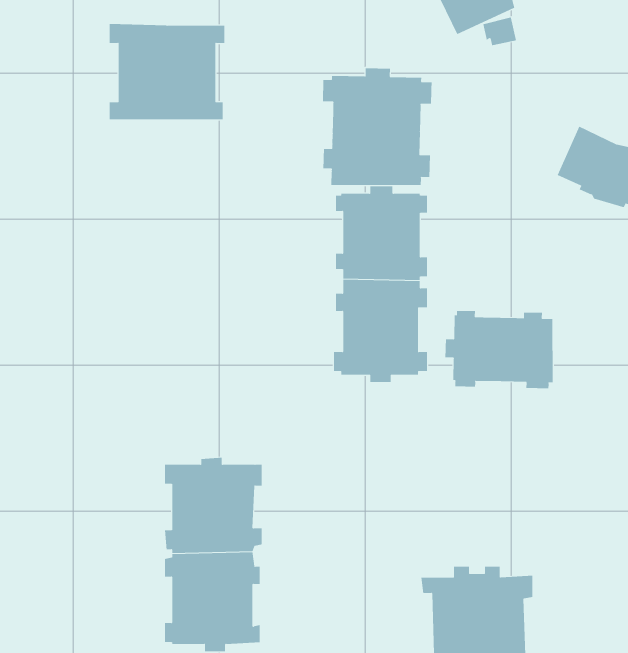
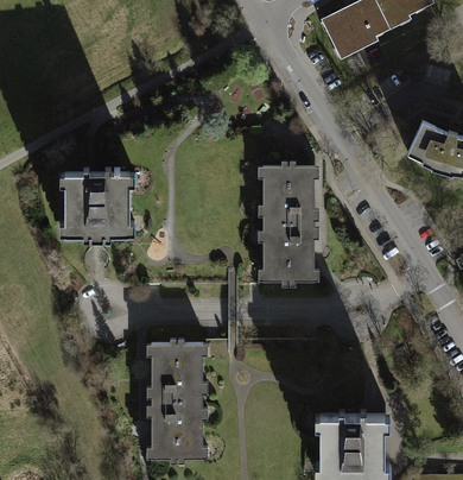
building: [109,23,225,120] -> [66,172,142,235]
building: [322,67,432,186] -> none
building: [445,310,553,389] -> none

